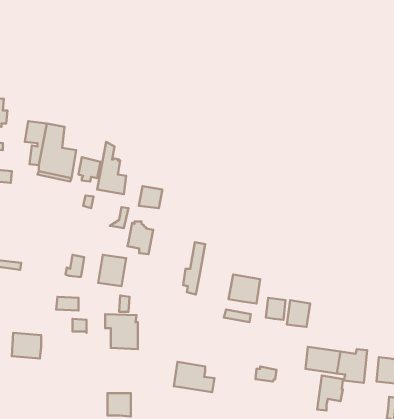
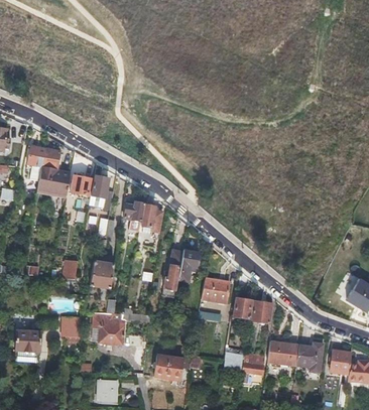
building: [128,222,153,254] -> [140,206,162,234]
building: none -> [176,251,198,282]
building: [317,376,343,411] -> [242,354,264,384]

